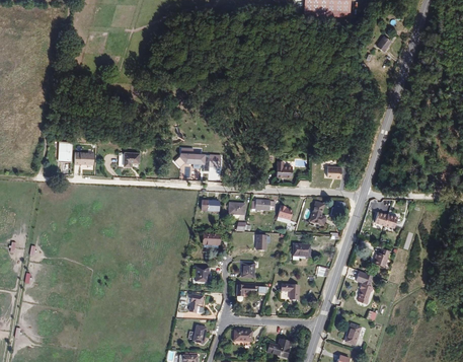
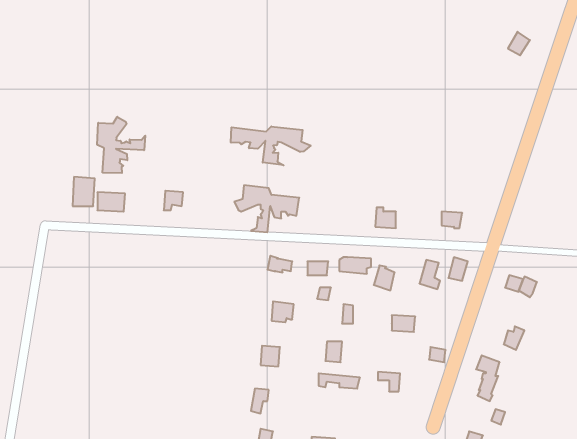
building: none -> [97,117,145,173]
building: none -> [231,126,311,165]

